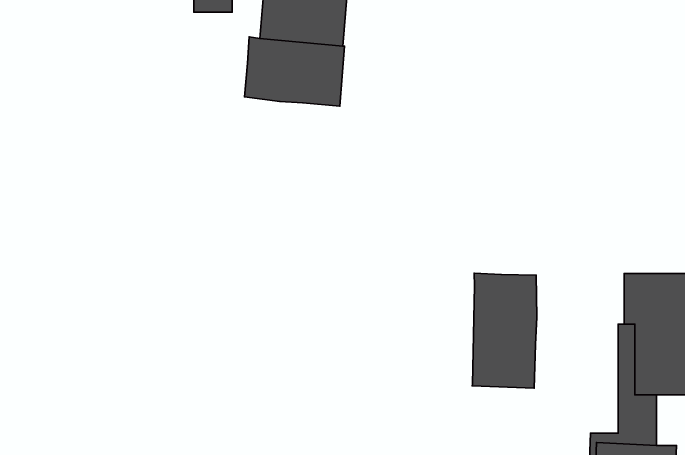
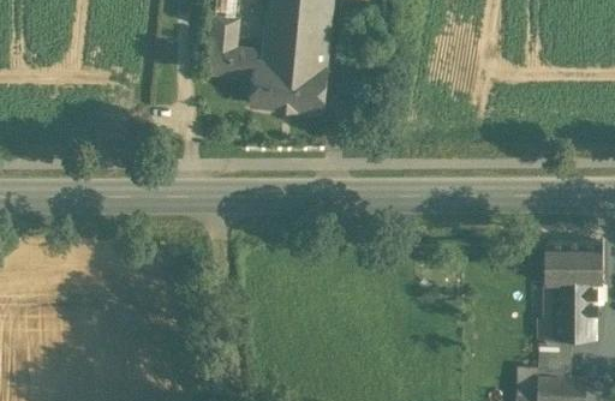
building: none -> [207,46,256,78]
building: [472,273,537,388] -> none

